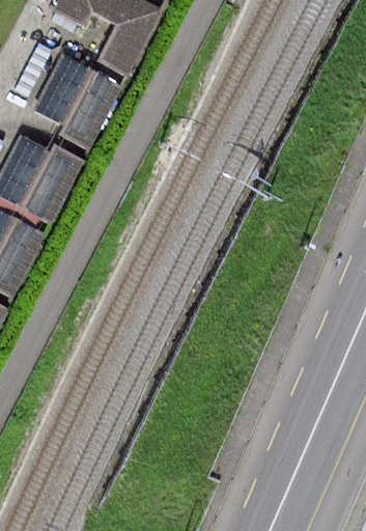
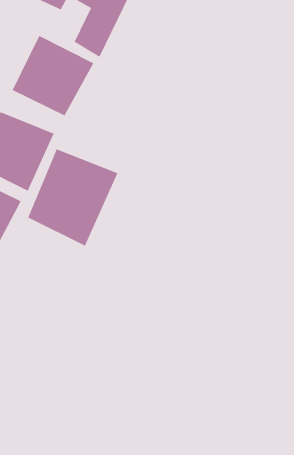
building: none -> [28,148,118,246]

